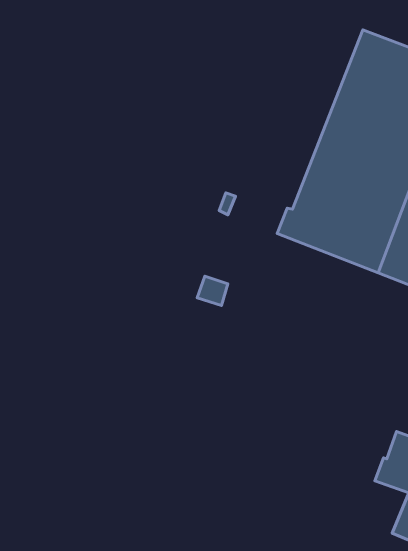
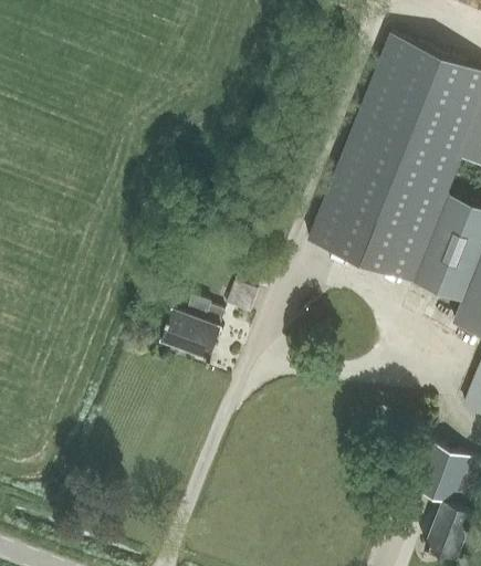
building: none -> [160,306,223,358]

